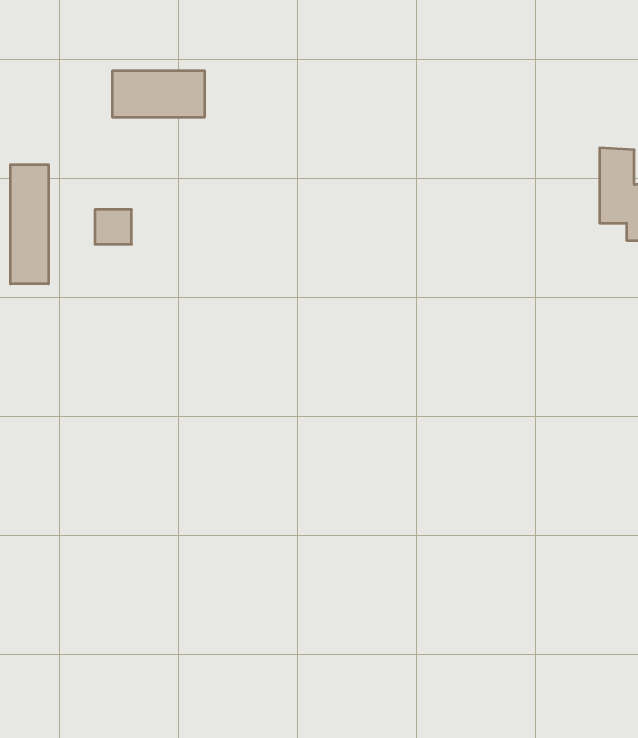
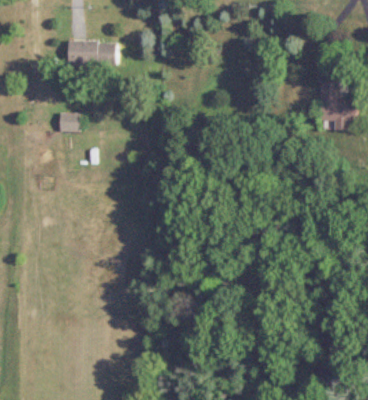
building: [10,165,48,284] -> none

